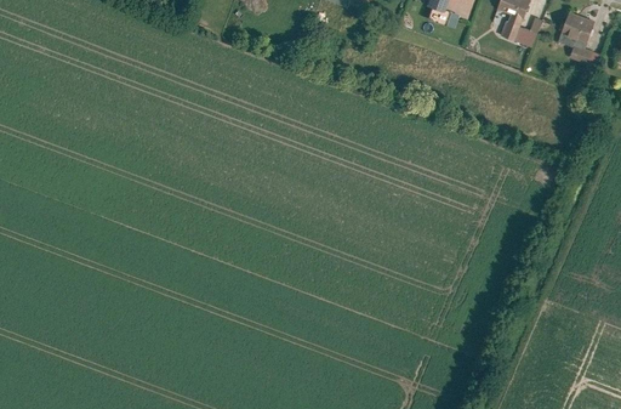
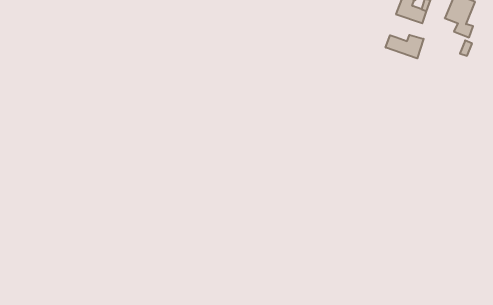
building: none -> [386,35,424,58]

